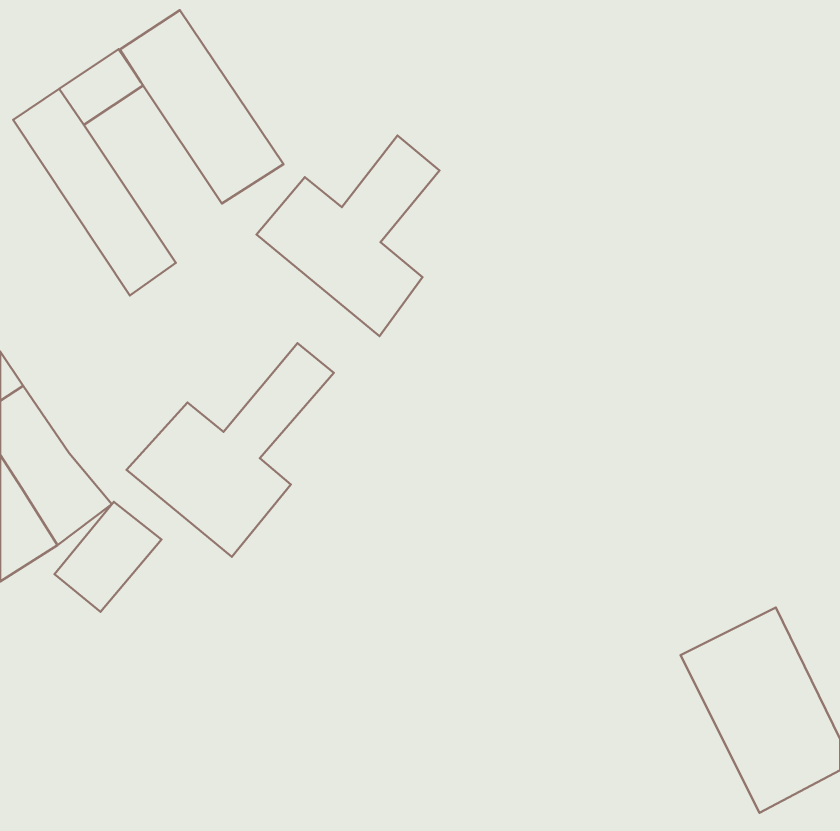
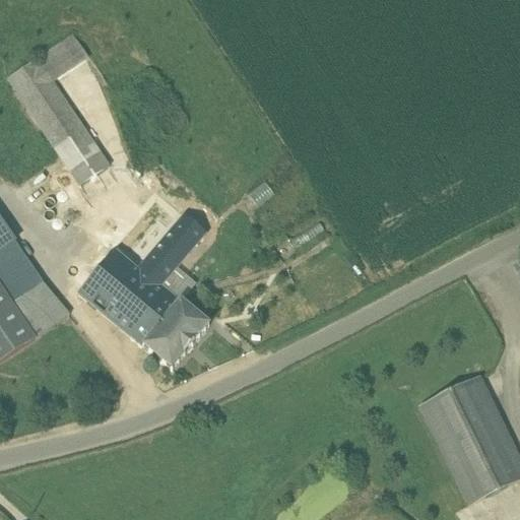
building: [120,10,283,203] -> none
building: [257,136,439,336] -> none
building: [55,502,161,612] -> [143,300,209,368]

